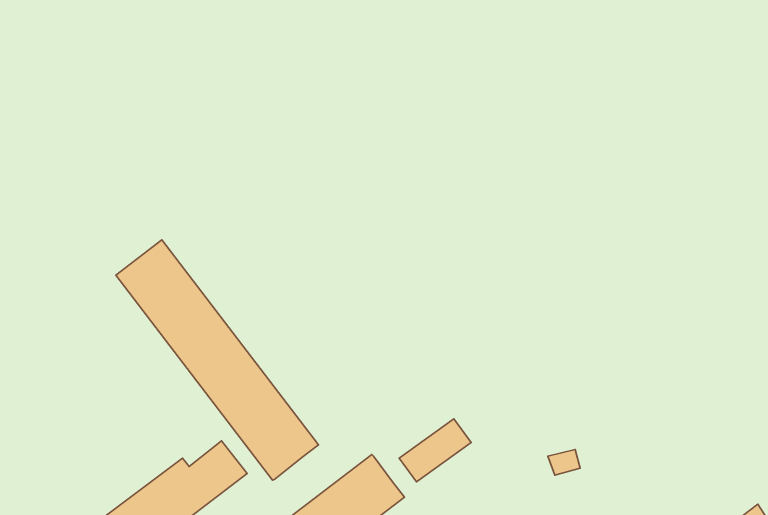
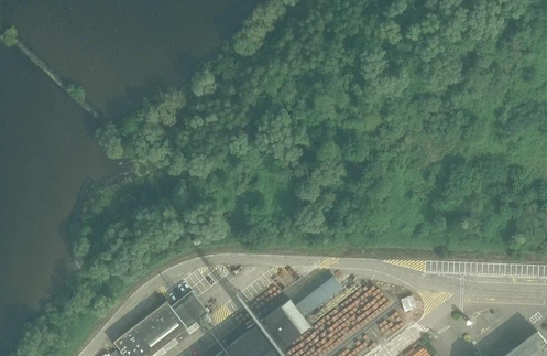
building: [116,240,319,480] -> none

